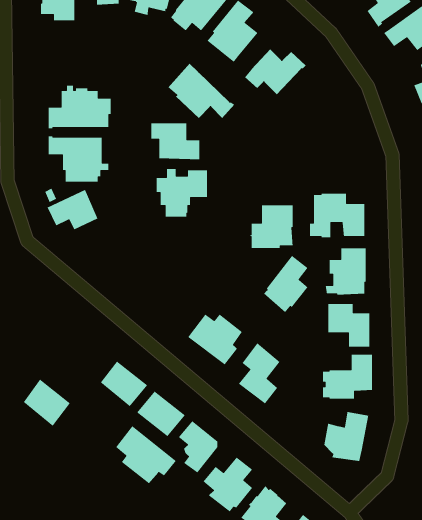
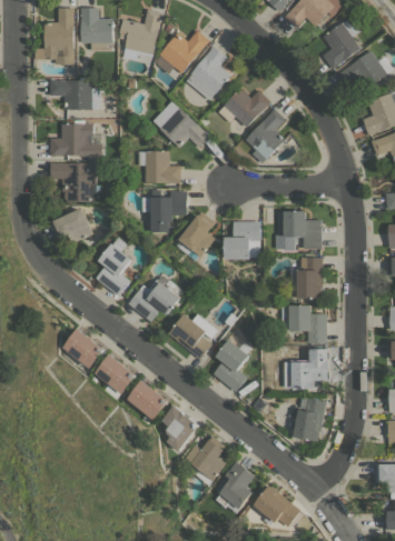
building: none -> [50,78,100,110]
building: none -> [245,109,285,163]
building: none -> [96,238,132,295]
building: [263,255,309,313] -> [176,211,215,261]
building: none -> [128,277,185,322]
building: [23,379,71,427] -> [62,328,103,369]
building: [115,425,177,484] -> none

